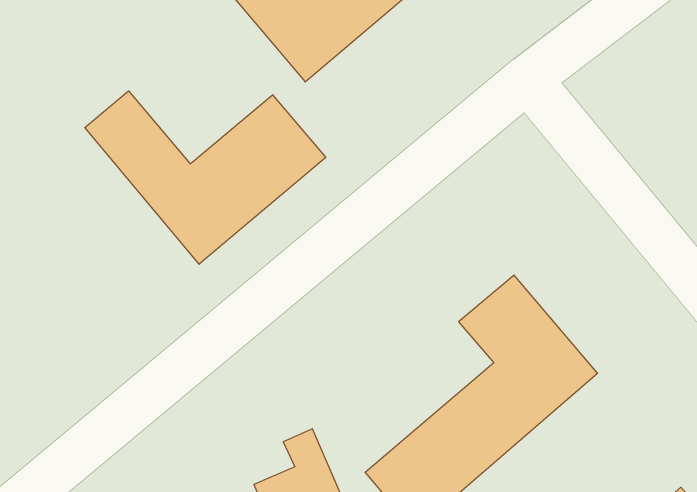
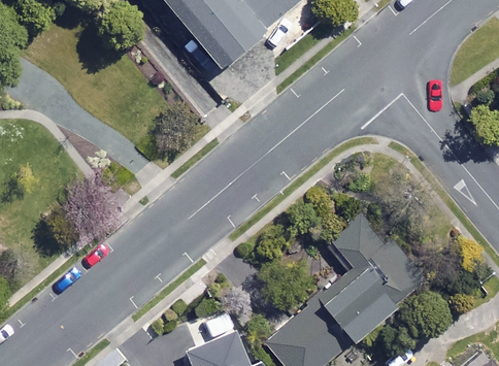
building: [85,91,326,264] -> none

